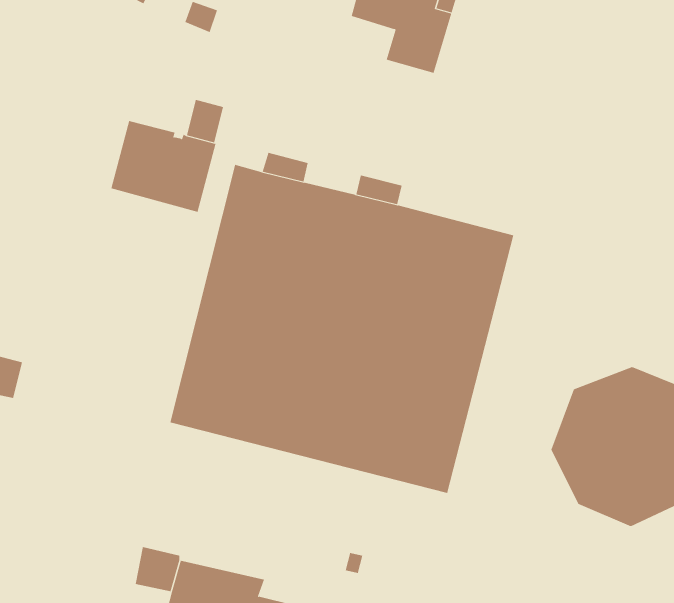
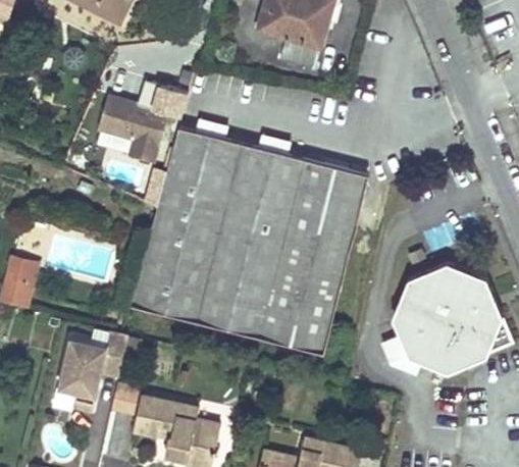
building: none -> [60,330,128,410]

